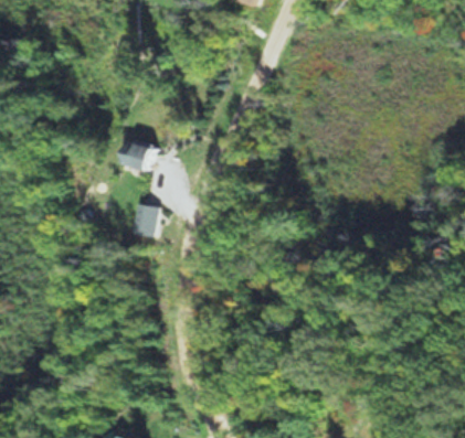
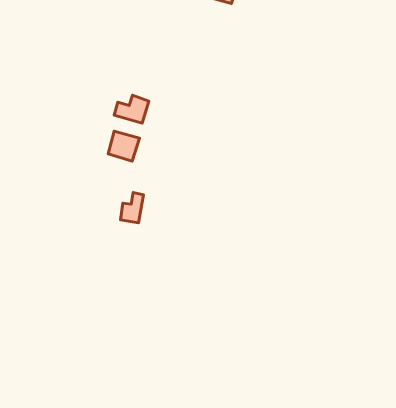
building: none -> [114,95,149,123]

